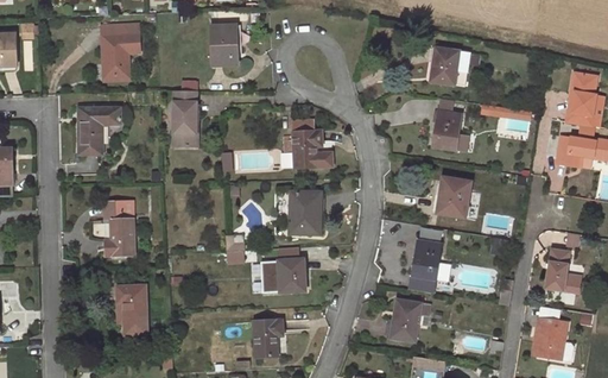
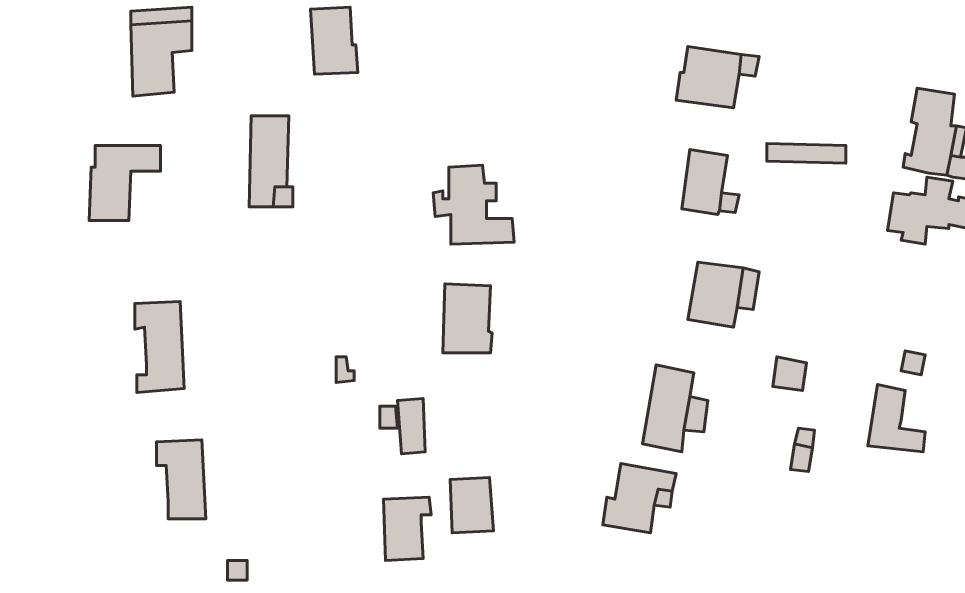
building: [279,258,305,291] -> [450,477,494,533]
building: [534,316,572,360] -> none

